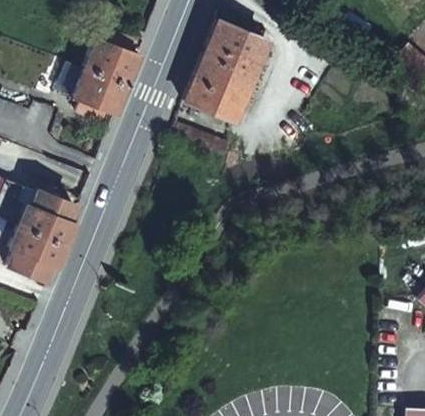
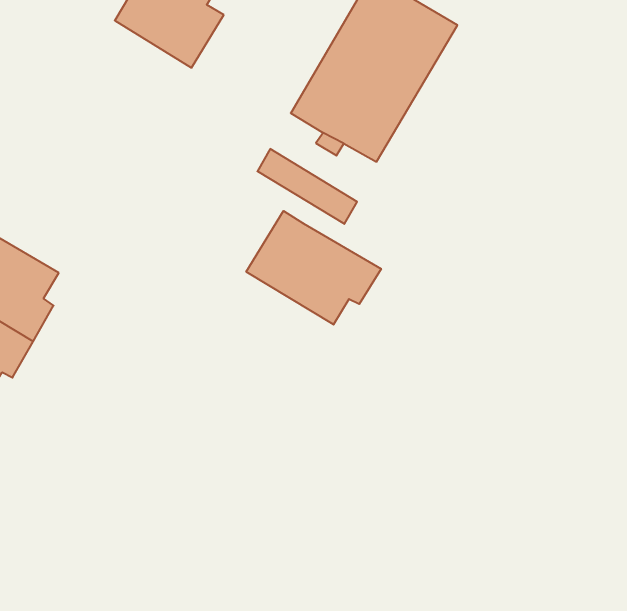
building: [73,66,130,121] -> none
building: none -> [246,211,381,325]

